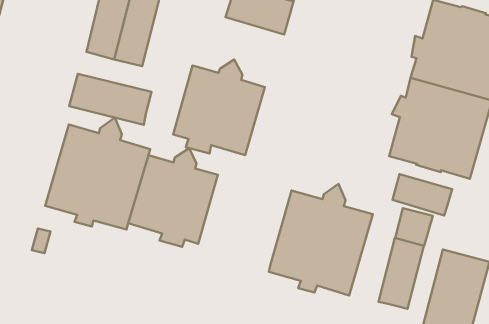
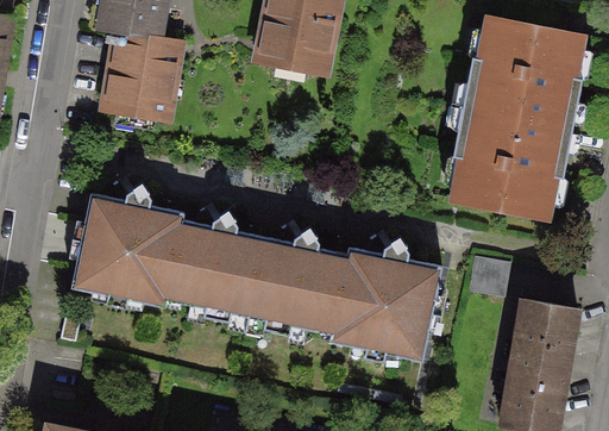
building: [173,59,265,155] -> [247,226,346,335]
building: [69,74,151,125] -> none
building: [393,174,452,215] -> none
building: [378,238,424,309] -> none

